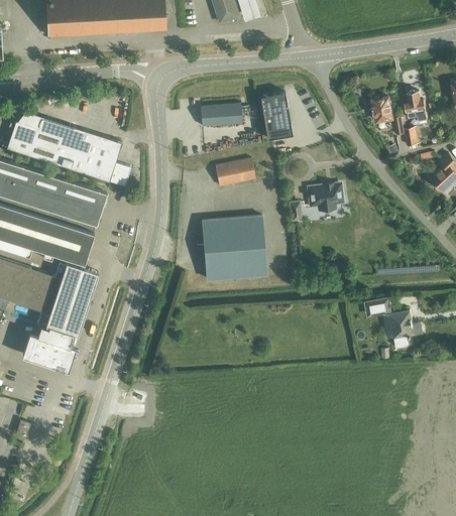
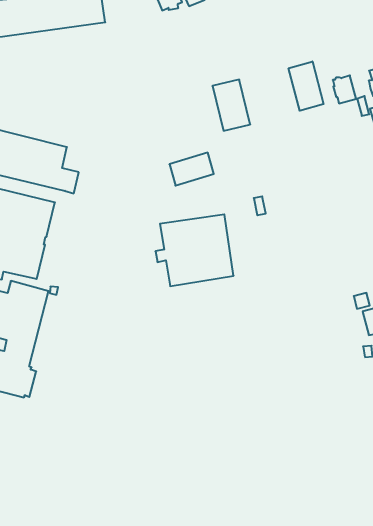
building: none -> [289,61,324,111]
building: [200,102,242,126] -> none
building: [309,184,341,208] -> none

